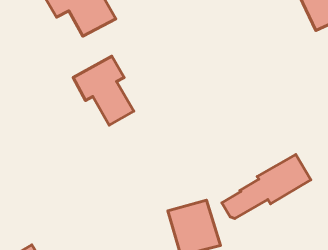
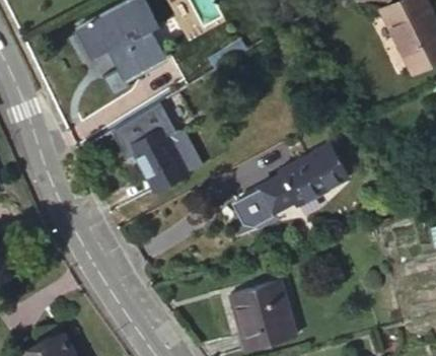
building: [222,154,311,219] -> [237,145,347,224]

